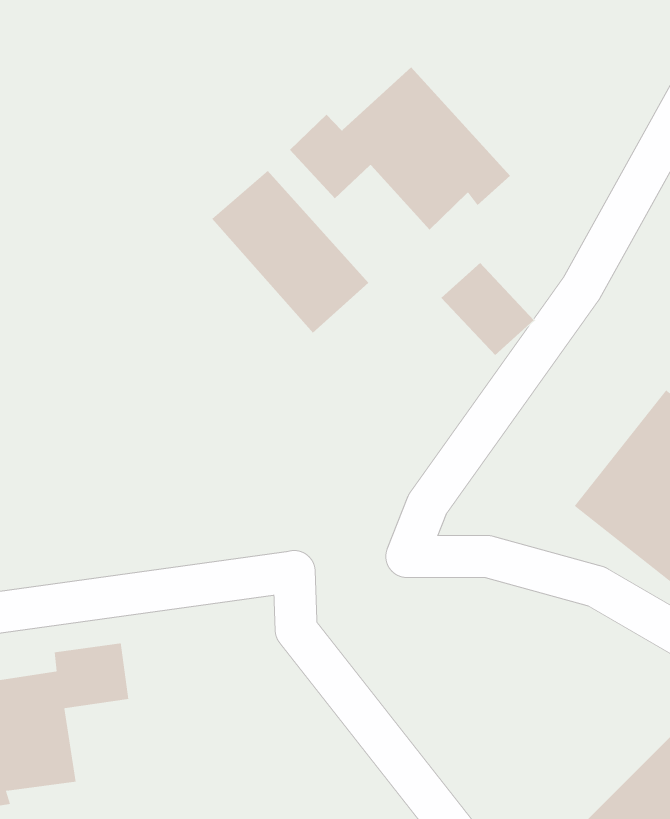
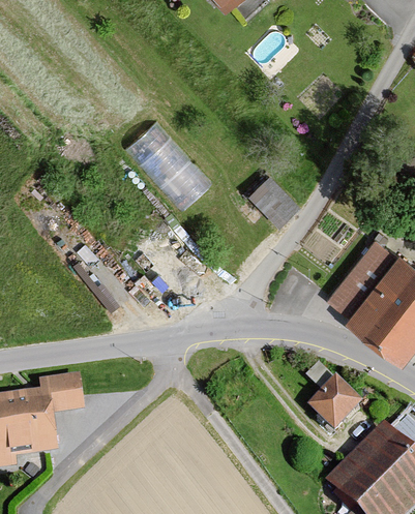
building: [289,66,511,230] -> none
building: none -> [304,379,360,434]

